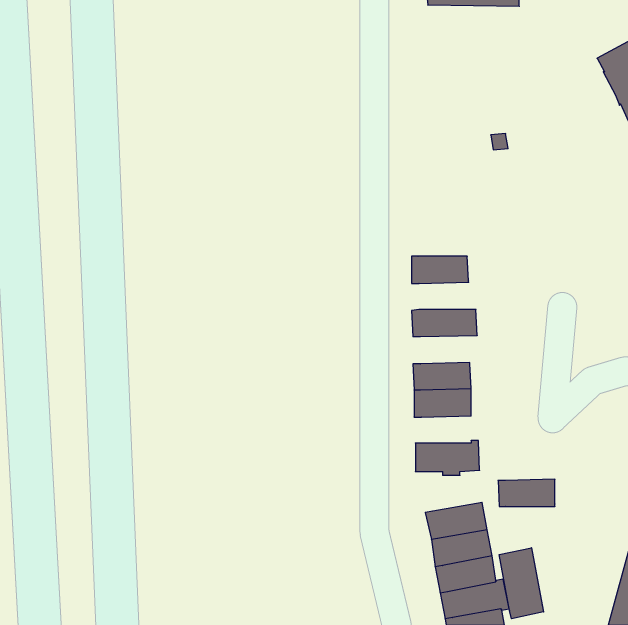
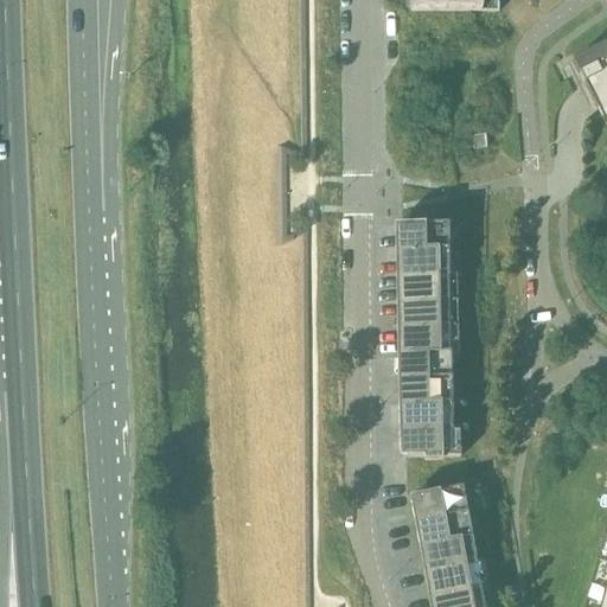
building: none -> [397,218,452,245]
building: none -> [398,269,460,298]
building: none -> [400,321,461,349]
building: [498,479,555,506] -> [401,398,455,424]
building: [499,548,544,619] -> none

